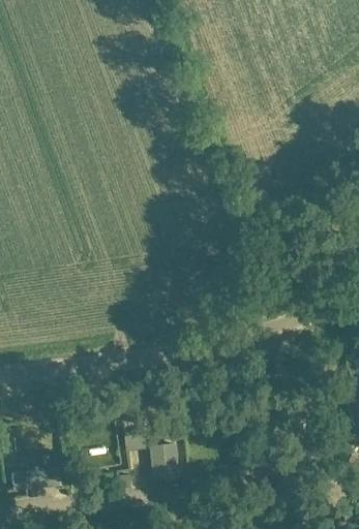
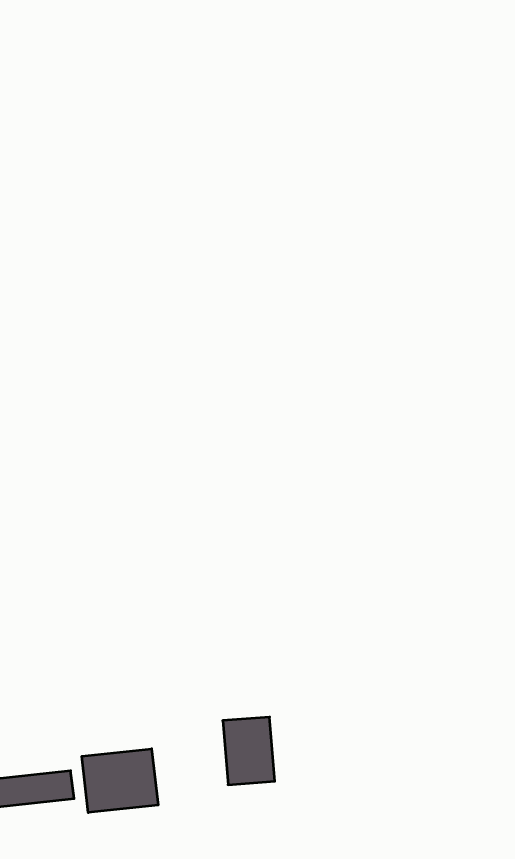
building: none -> [82,749,158,813]

